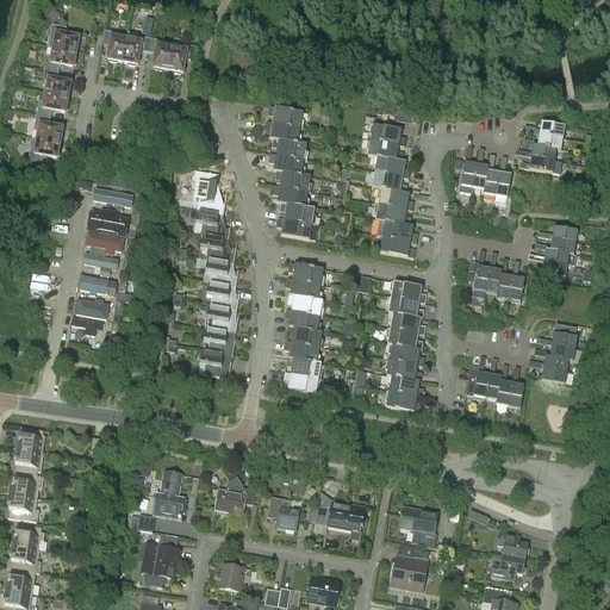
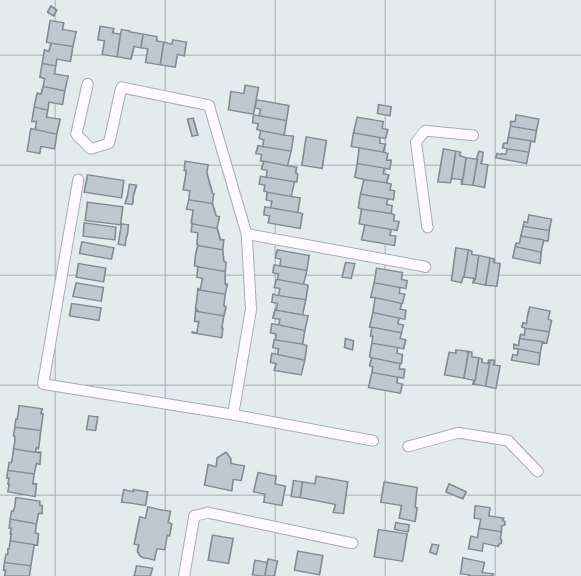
building: none -> [229,85,258,114]
building: none -> [302,137,327,169]
building: [199,349,231,378] -> none
building: [152,469,183,518] -> none

